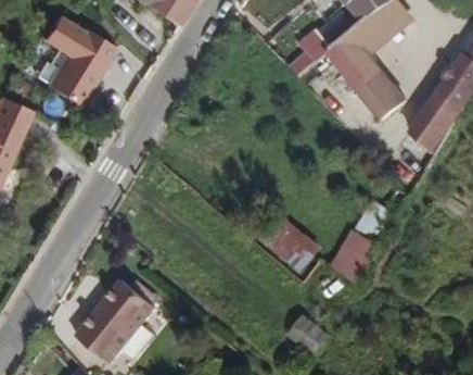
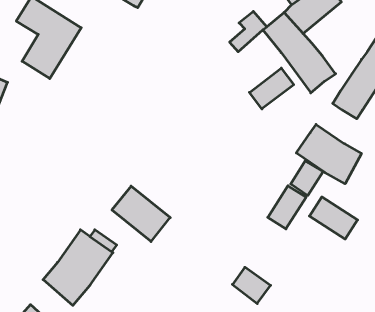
building: none -> [249,68,294,109]
building: none -> [296,124,361,184]
building: [257,211,323,274] -> [112,186,170,242]
building: none -> [309,197,358,239]

